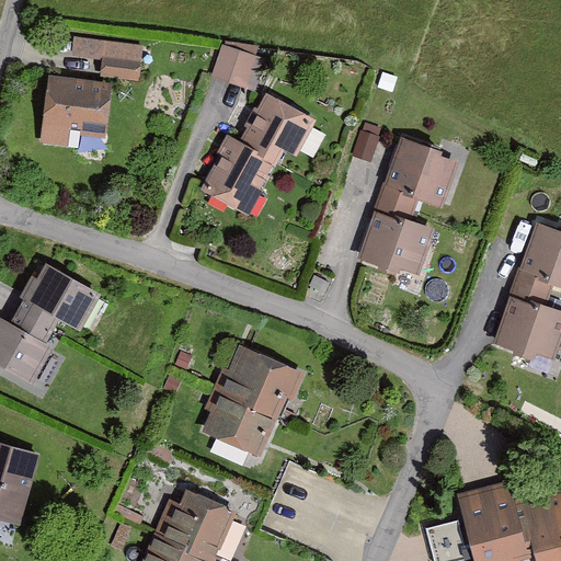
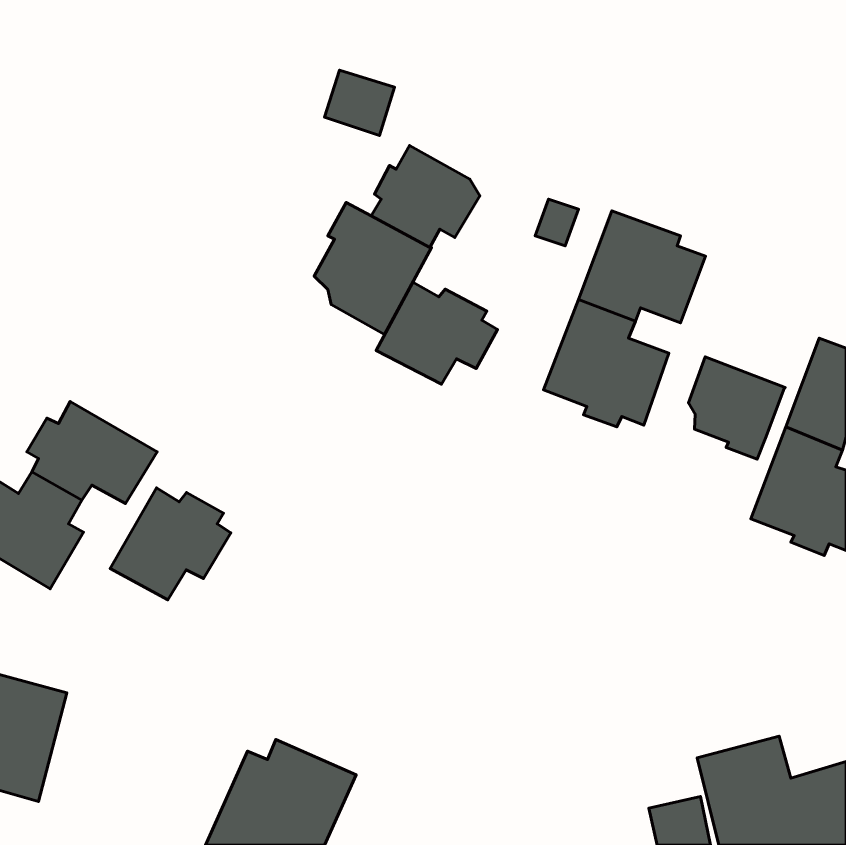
building: [70,36,144,81] -> none
building: [41,76,116,147] -> none
building: none -> [376,282,498,384]
building: none -> [689,357,785,459]
building: none -> [110,488,231,600]
building: [198,342,298,453] -> none

